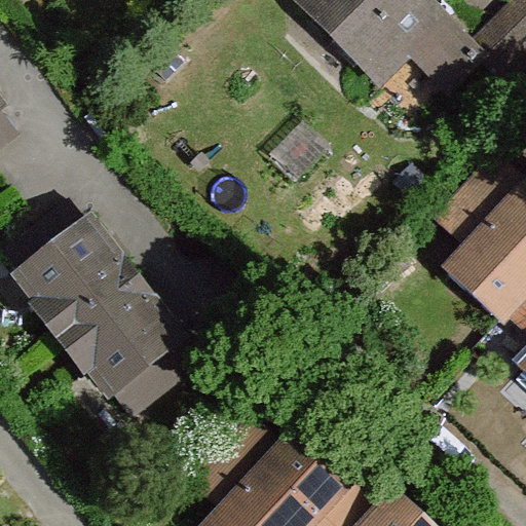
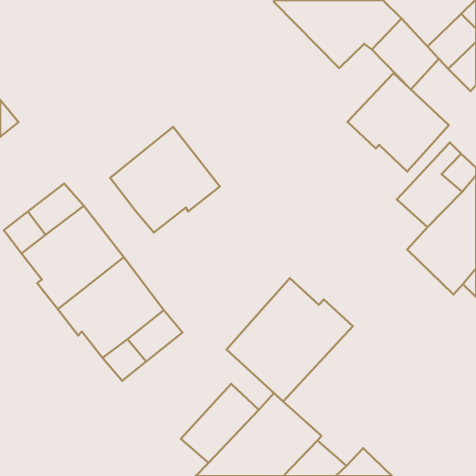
building: none -> [347,73,449,171]
building: none -> [110,127,220,232]
building: none -> [226,278,353,401]

